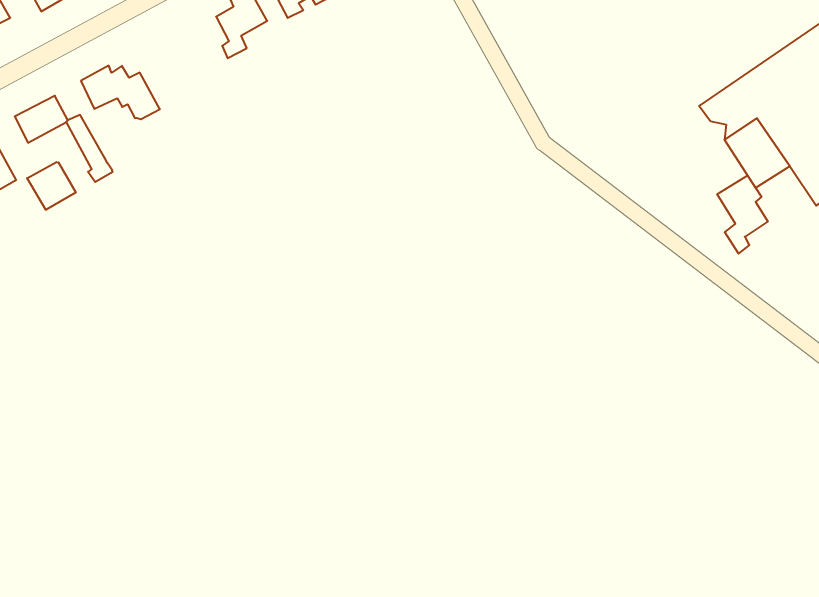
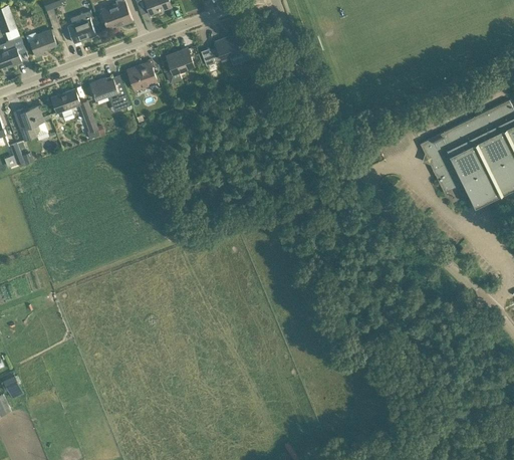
building: none -> [127,61,157,89]
building: [27,162,76,210] -> none
building: [717,175,768,254] -> none

